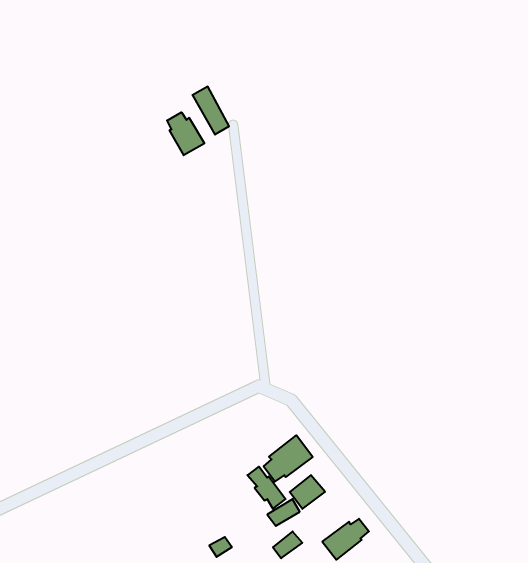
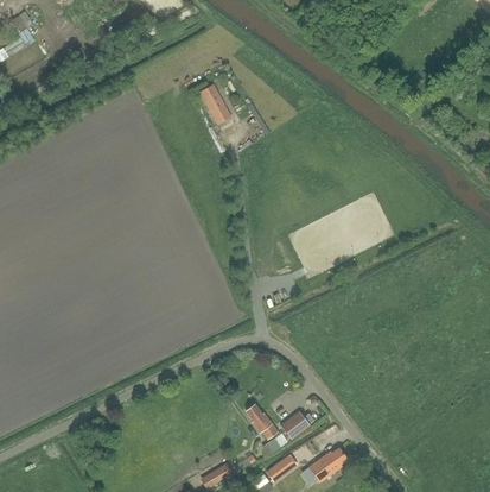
building: [167,112,204,155] -> none
building: [264,435,313,482] -> none

